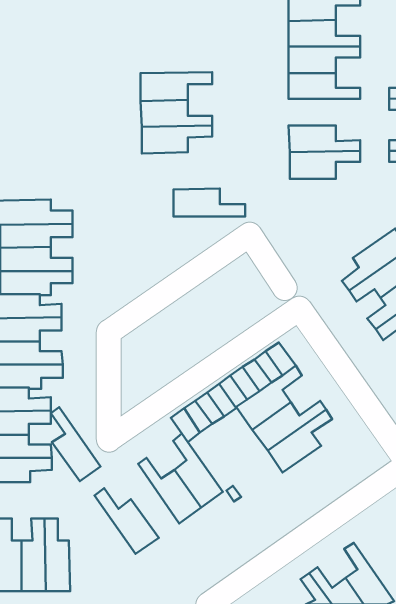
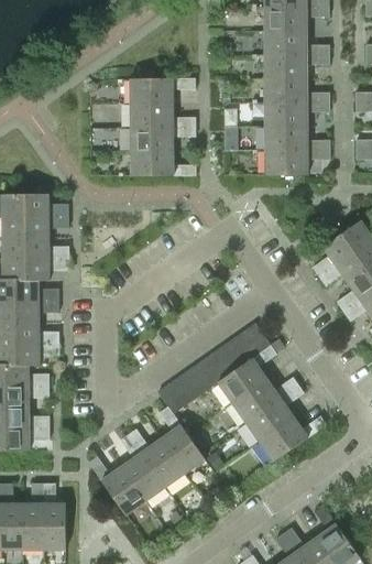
building: none -> [264,102,329,127]
building: [174,188,245,216] -> [131,151,196,176]
building: [51,407,100,481] -> [120,434,165,501]
building: none -> [259,416,326,463]

